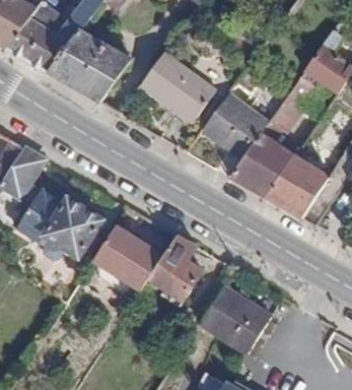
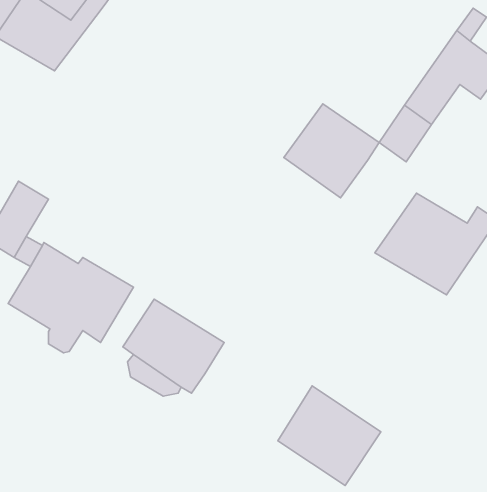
building: [48,28,132,102] -> none
building: [139,54,213,122] -> none
building: [230,132,294,195] -> none
building: [150,235,202,299] -> none

